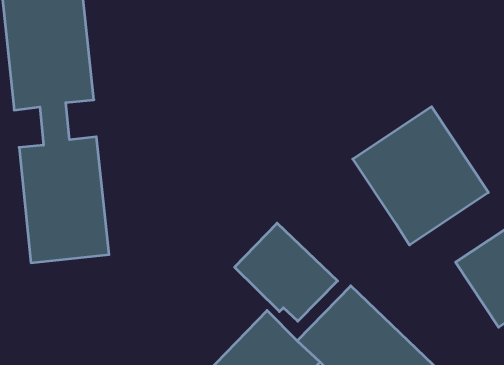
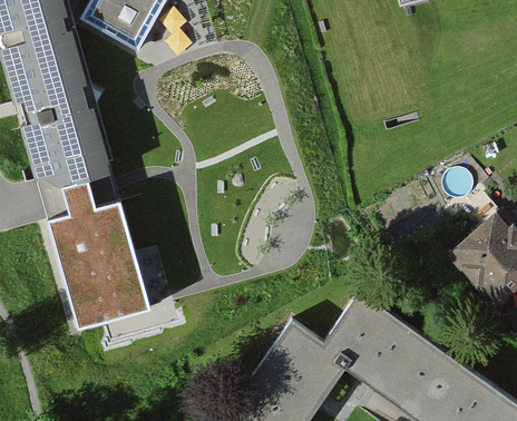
building: [353,107,488,245] -> none
building: [235,223,338,321] -> none

